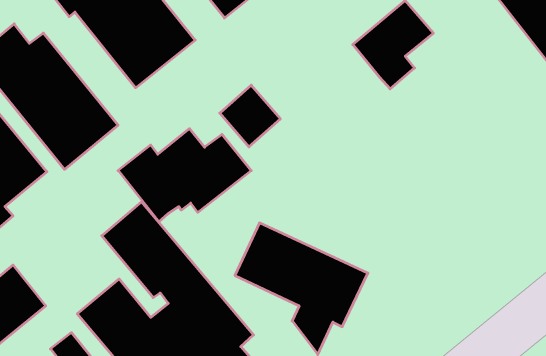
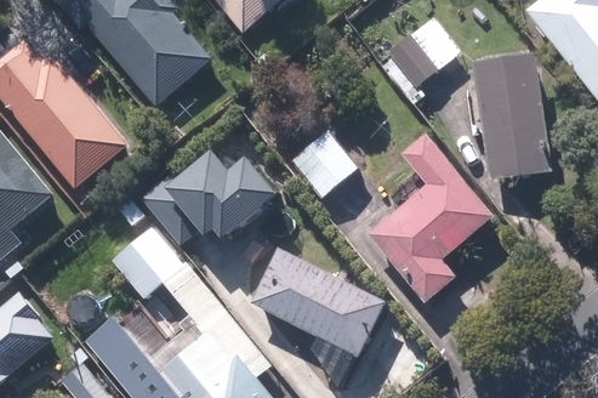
building: none -> [465,53,543,180]
building: [220,85,280,147] -> [295,135,358,199]
building: none -> [369,133,497,303]

